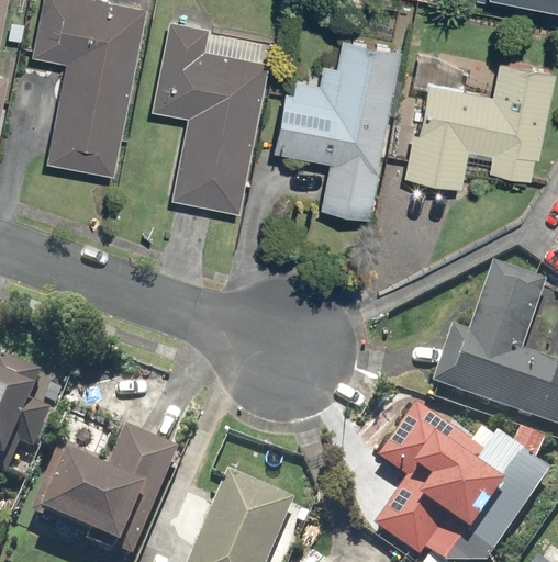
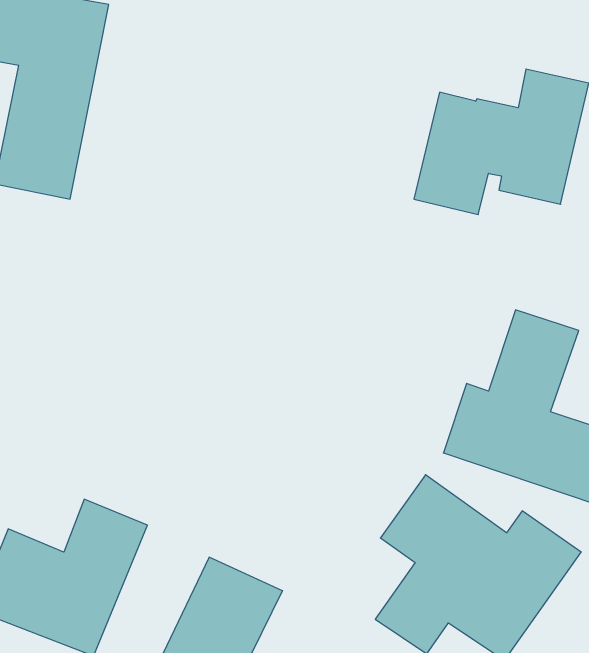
building: [150,16,270,210] -> none
building: [272,38,400,213] -> none

